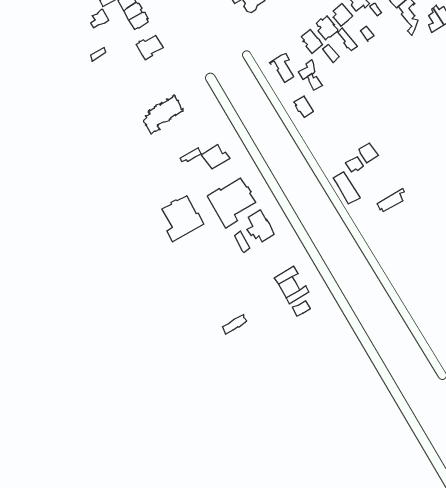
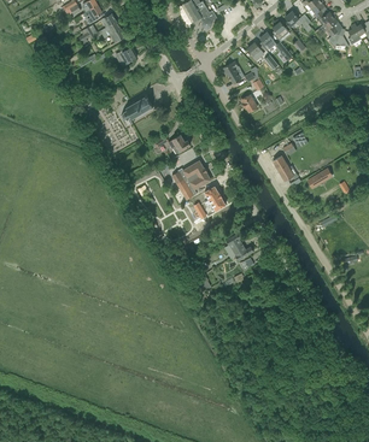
building: [162,196,204,242] -> none

